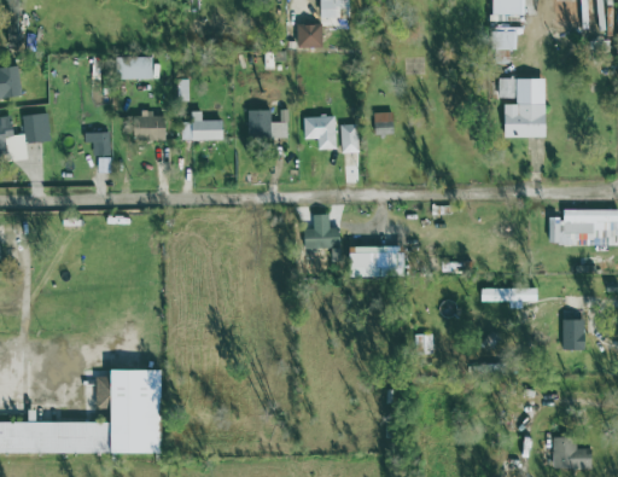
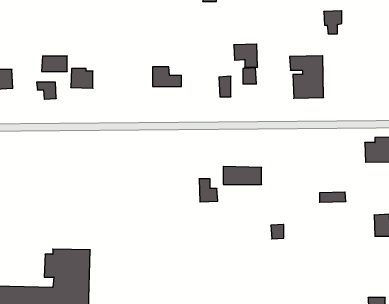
building: [297,23,322,47] -> none
building: [115,57,151,78] -> [42,56,67,71]
building: [499,77,547,138] -> [290,56,324,98]
building: [182,111,223,140] -> none
building: [304,116,338,149] -> [234,44,258,67]
building: [314,214,340,246] -> [199,179,218,202]

